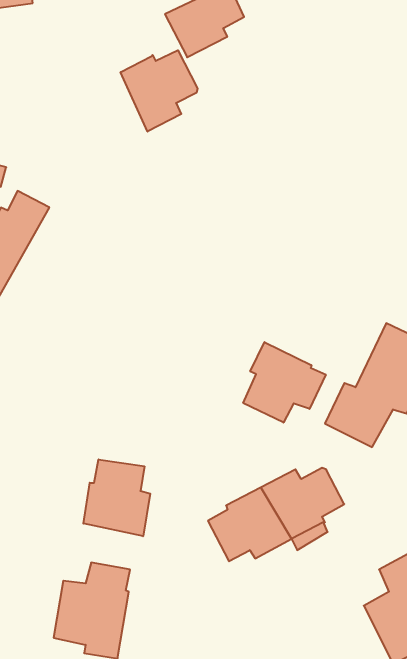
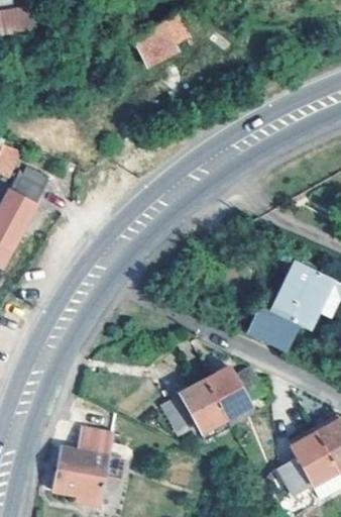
building: [121,50,198,132] -> none
building: [243,342,326,423] -> none
building: [83,459,150,536] -> none

